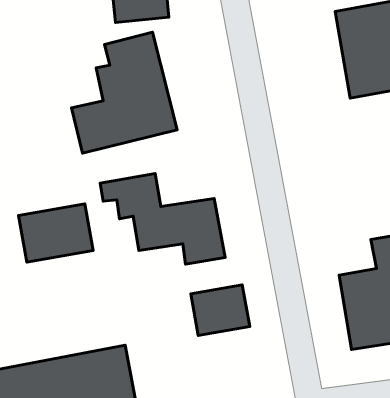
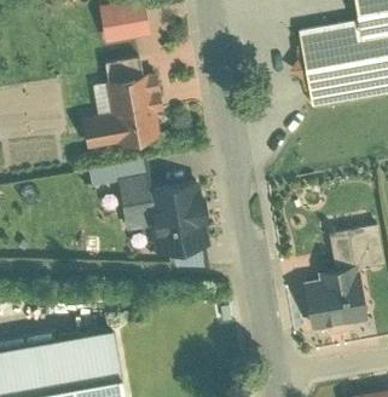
building: [18,204,93,262] -> none
building: [191,285,250,336] -> none

